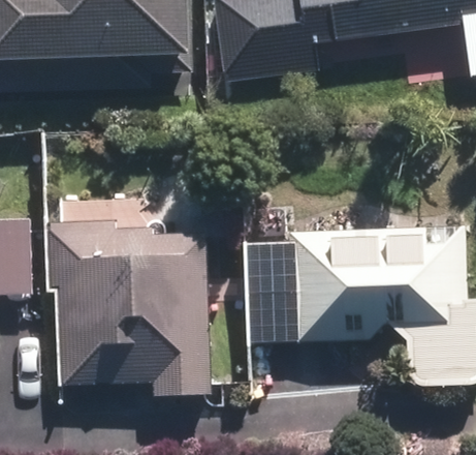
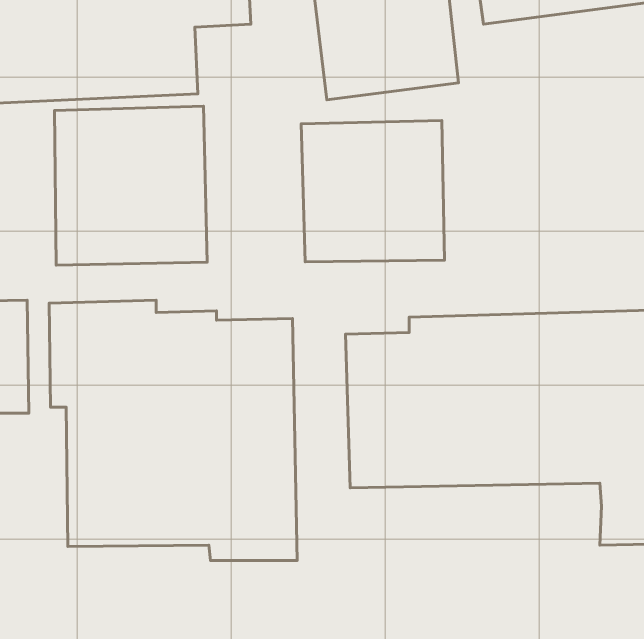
building: none -> [54,106,207,265]
building: none -> [301,121,444,262]

